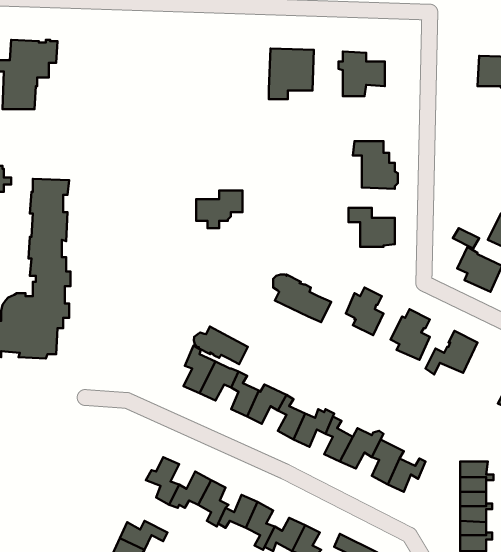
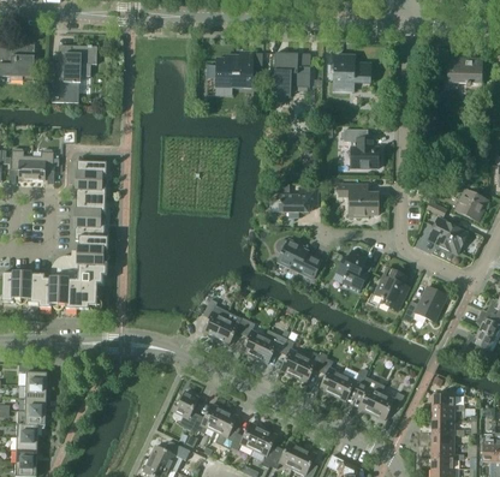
building: none -> [215,52,252,88]
building: [196,190,242,228] -> [279,186,317,217]
building: [194,327,248,364] -> none

